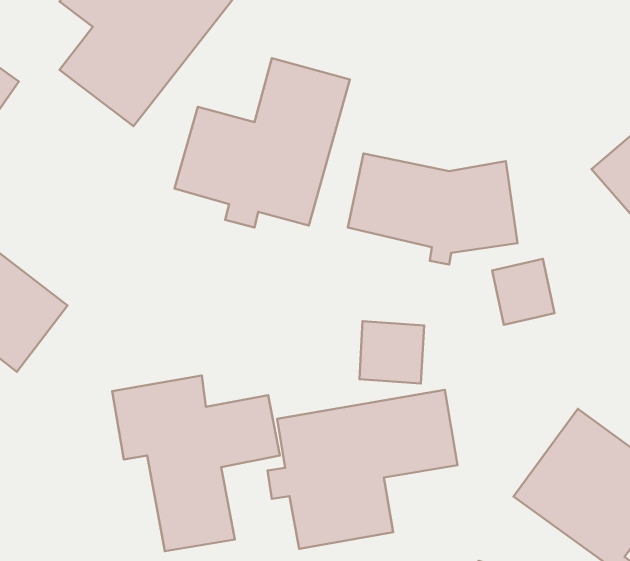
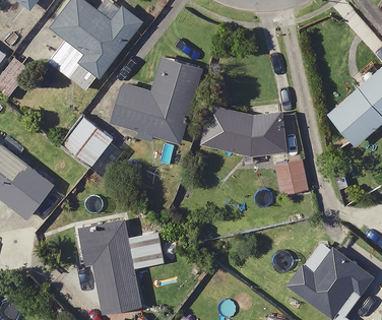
building: none -> [63,119,112,167]
building: [359,321,424,383] -> none
building: [267,390,458,549] -> none

